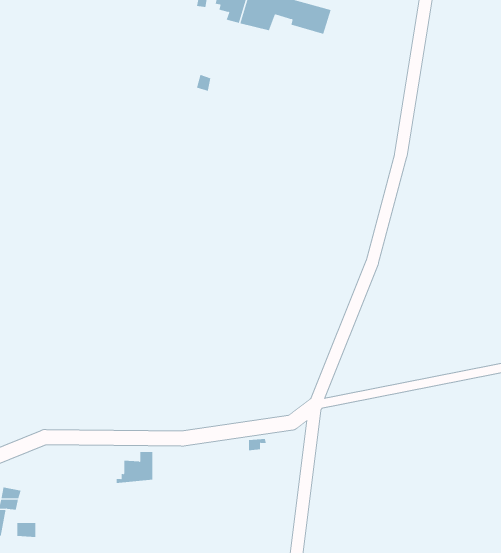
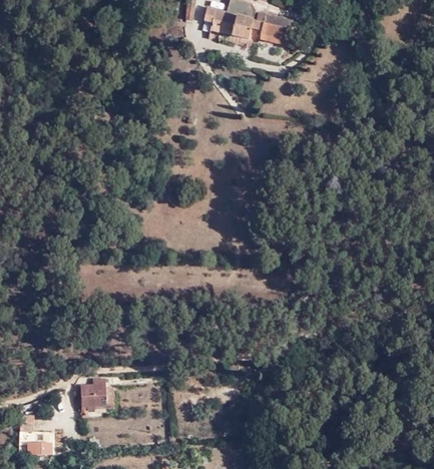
building: [116,451,153,484] -> [75,377,105,403]

